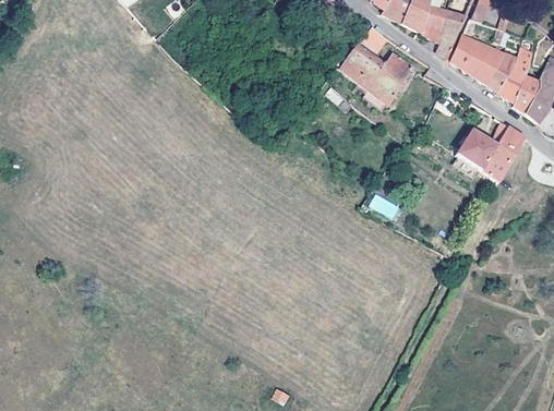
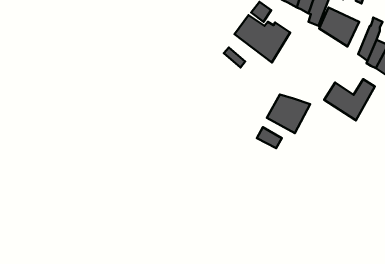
building: [487,51,517,94] -> none
building: none -> [267,94,310,133]

